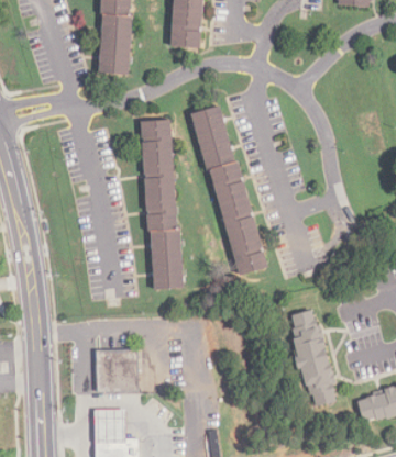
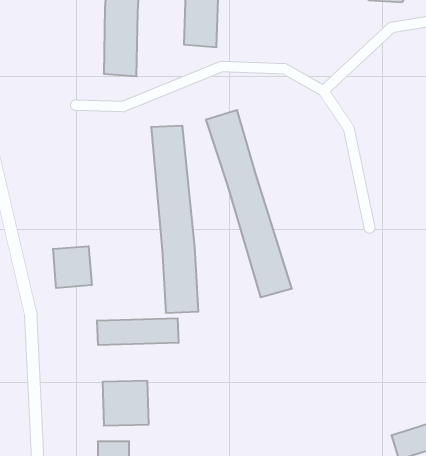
building: none -> [53,246,92,288]
building: none -> [97,318,178,345]
building: [289,311,334,405] -> none

